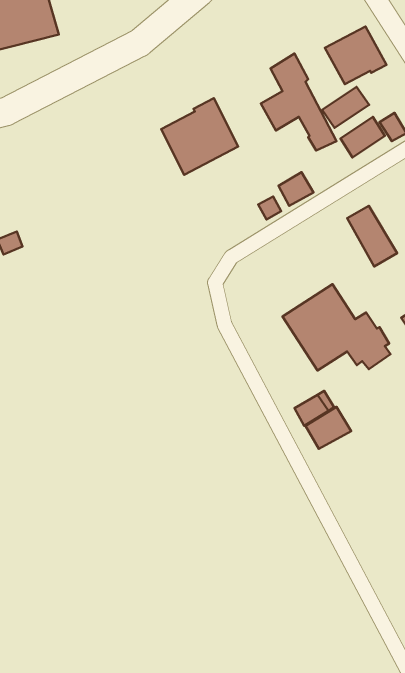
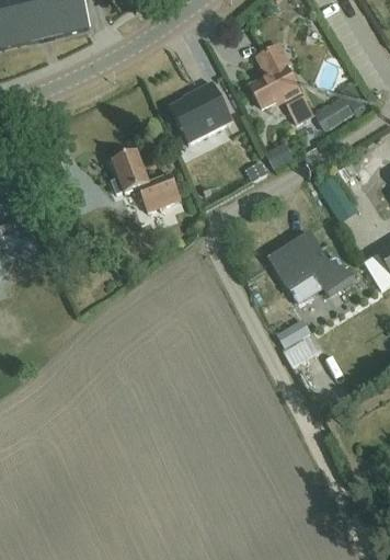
building: [325,27,387,84] -> none
building: [322,87,369,128] -> none
building: none -> [111,150,181,212]

